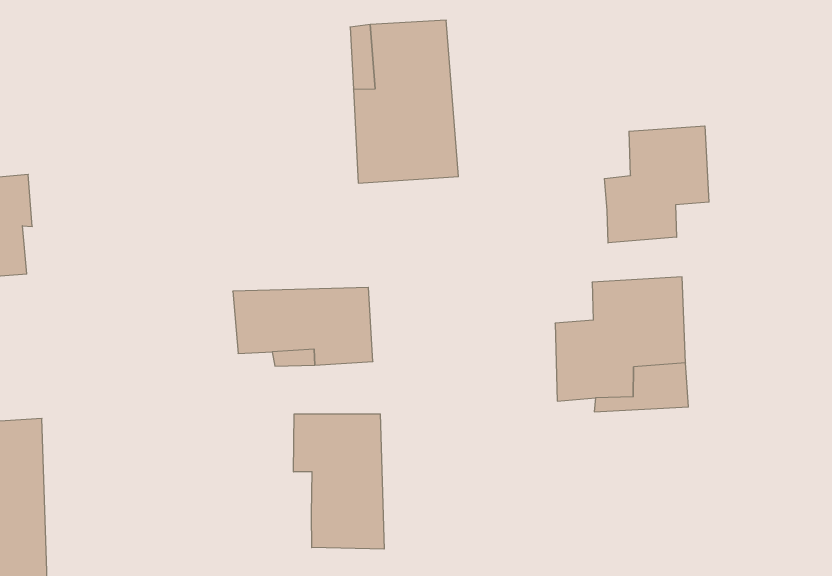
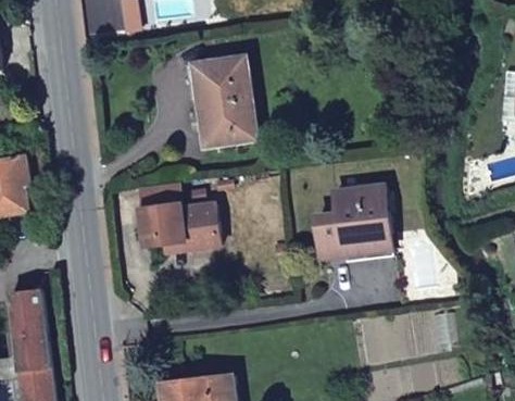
building: [604,126,709,243] -> none
building: [294,414,384,549] -> none

